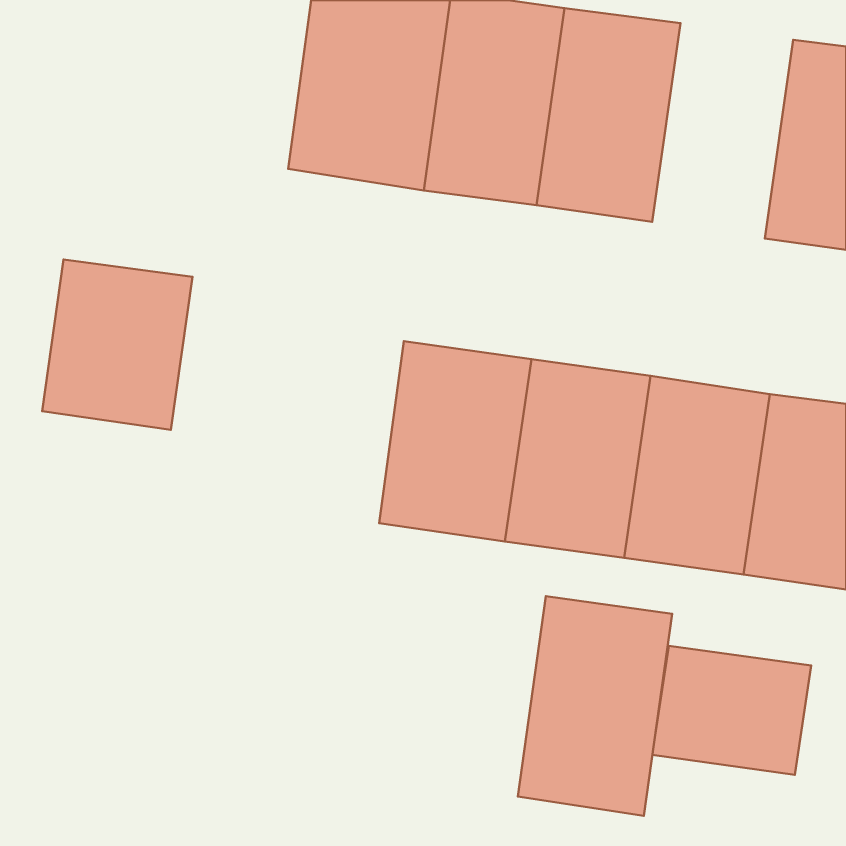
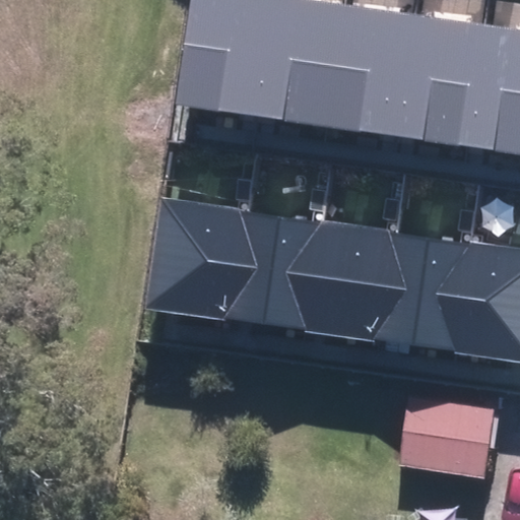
building: none -> [400,14,486,146]
building: [42,259,192,430] -> none
building: none -> [146,197,248,321]
building: [518,596,672,816] -> none

